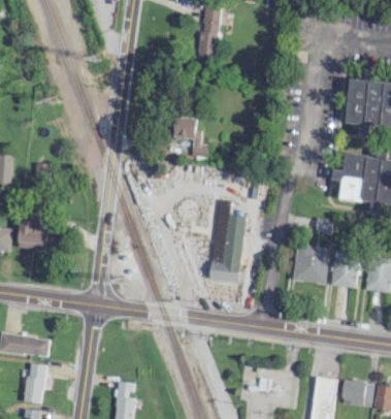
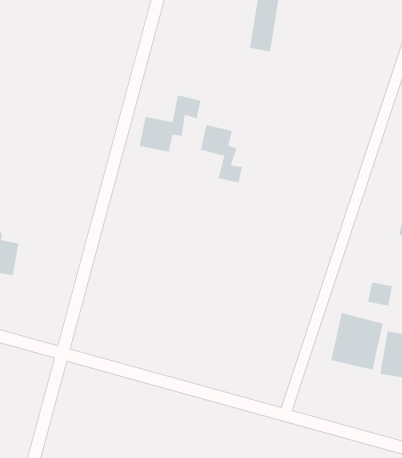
building: none -> [139,94,201,153]
building: [209,199,246,282] -> none

